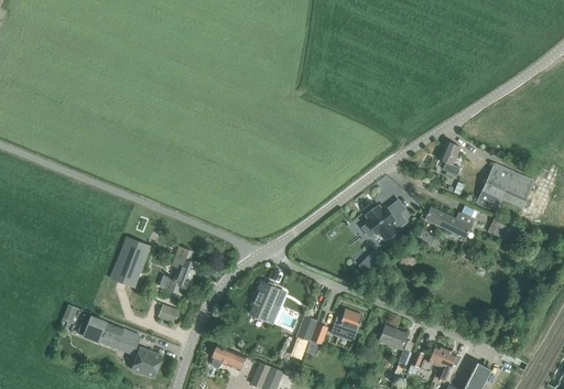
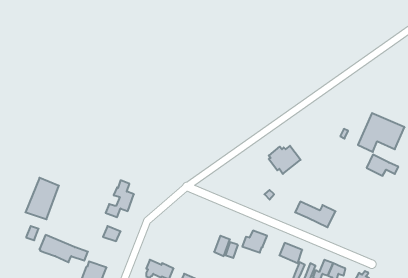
building: [438,141,459,176] -> none
building: [424,207,475,239] -> [295,202,336,227]
building: [108,237,150,289] -> [25,178,59,219]
building: [249,282,285,324] -> none

